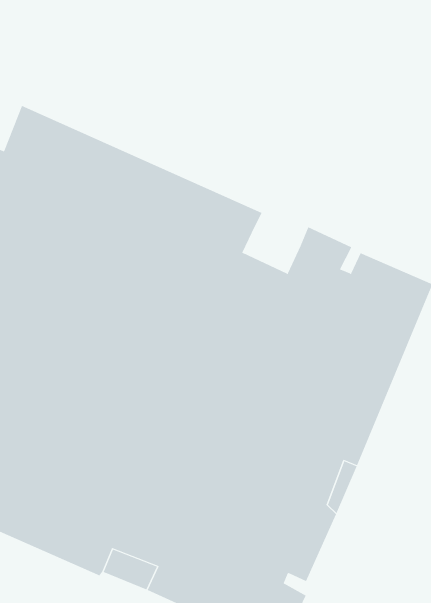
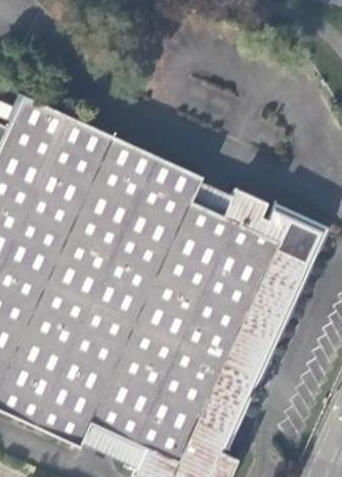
building: none -> [185,184,227,218]

